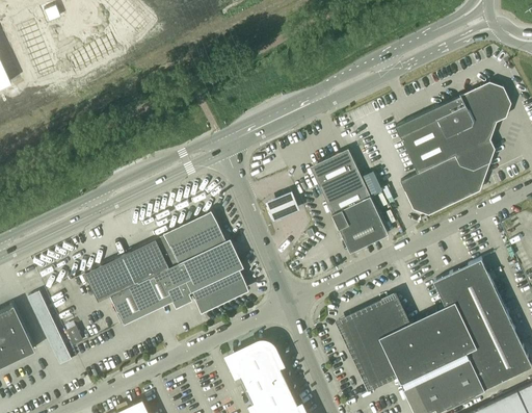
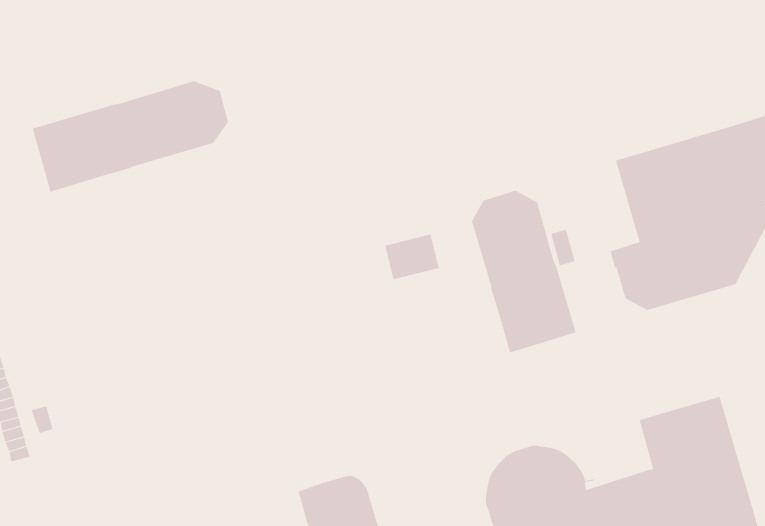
building: none -> [32,80,228,192]
building: [84,213,247,326] -> none

